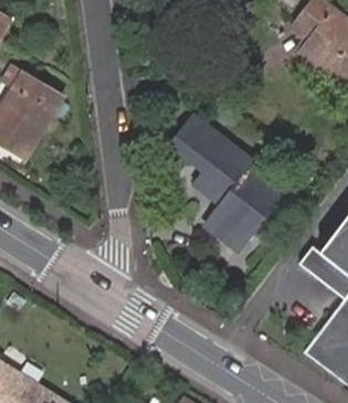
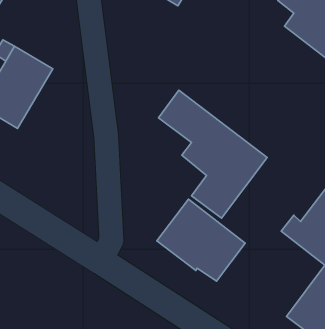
building: none -> [157,199,245,281]

